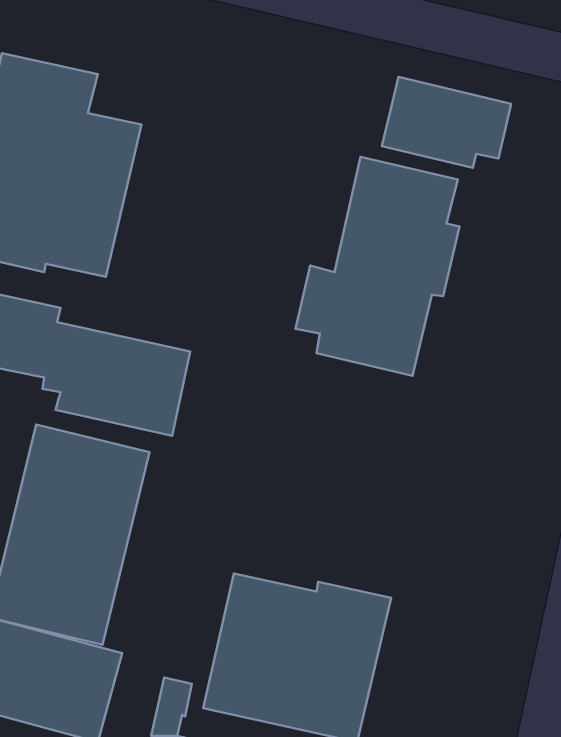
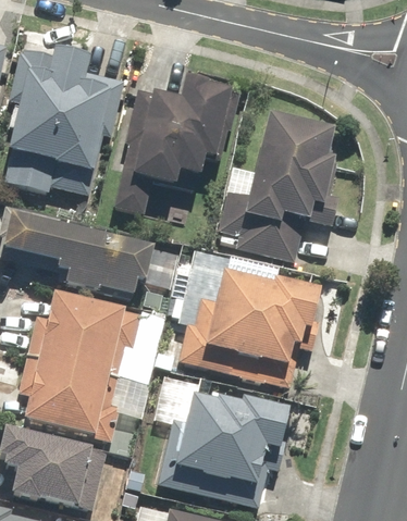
building: [382,77,511,168] -> none
building: none -> [116,77,230,211]
building: none -> [172,265,317,386]

